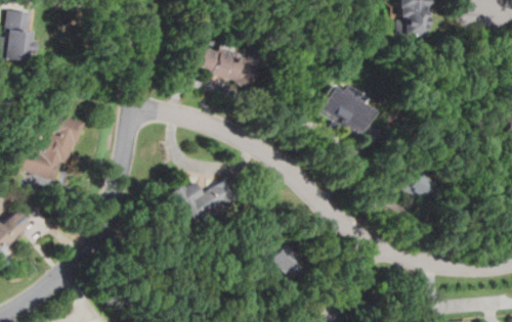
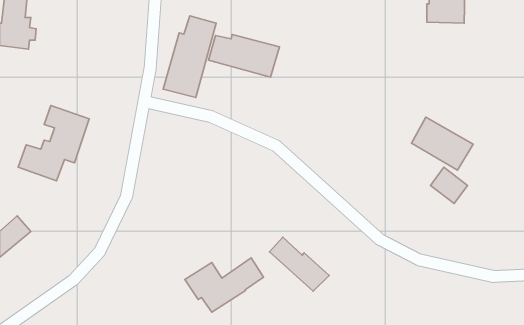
building: none -> [163,16,216,97]
building: [317,86,374,134] -> [411,117,473,170]
building: [170,176,242,225] -> [185,258,264,312]

